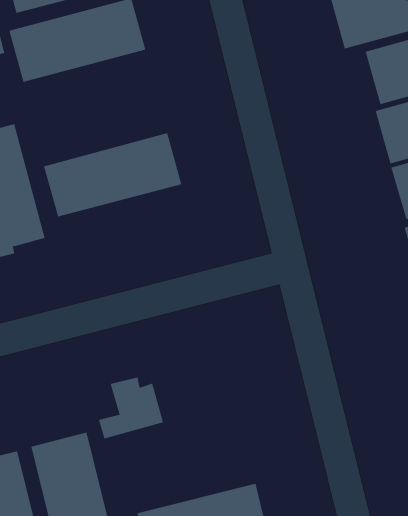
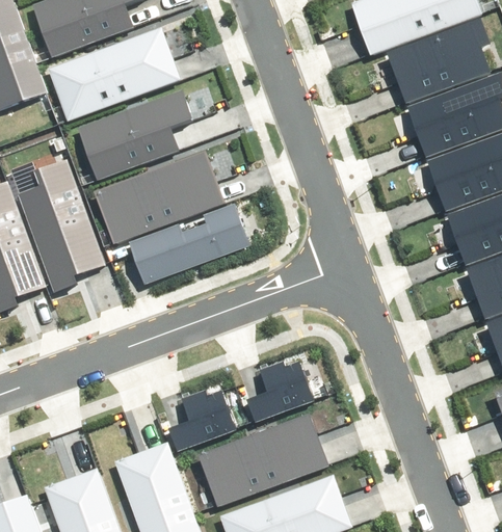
building: none -> [78,89,193,177]
building: none -> [131,202,250,285]
building: none -> [243,363,306,425]
building: none -> [197,410,326,503]

